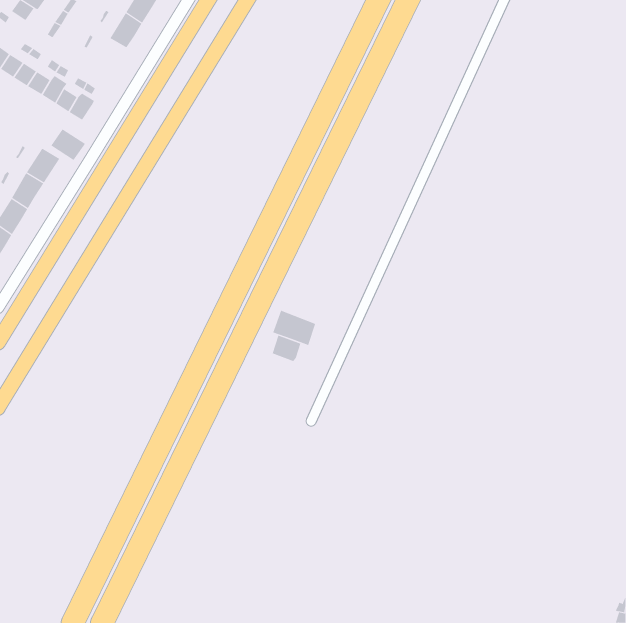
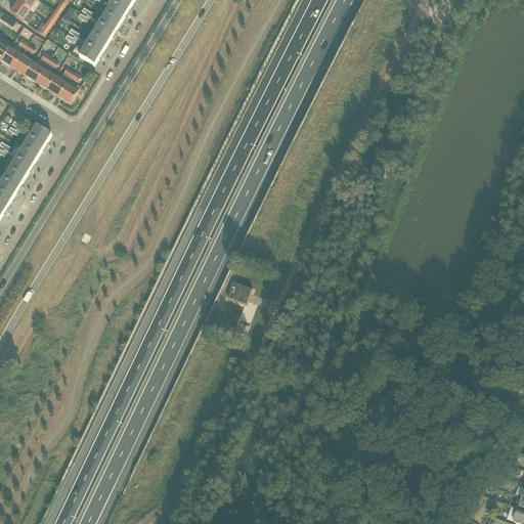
building: none -> [78,32,105,61]
building: [51,129,86,161] -> none
building: [272,310,316,346] -> none

